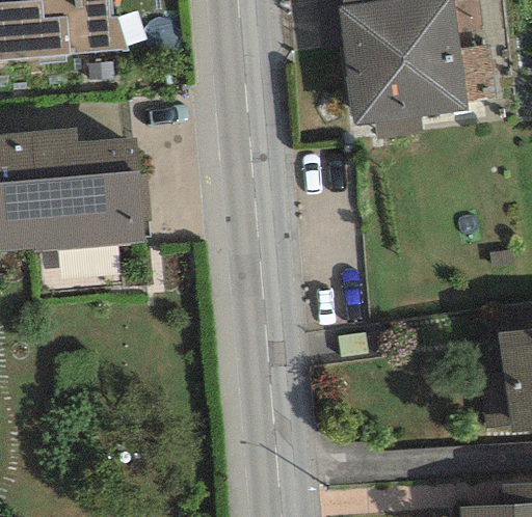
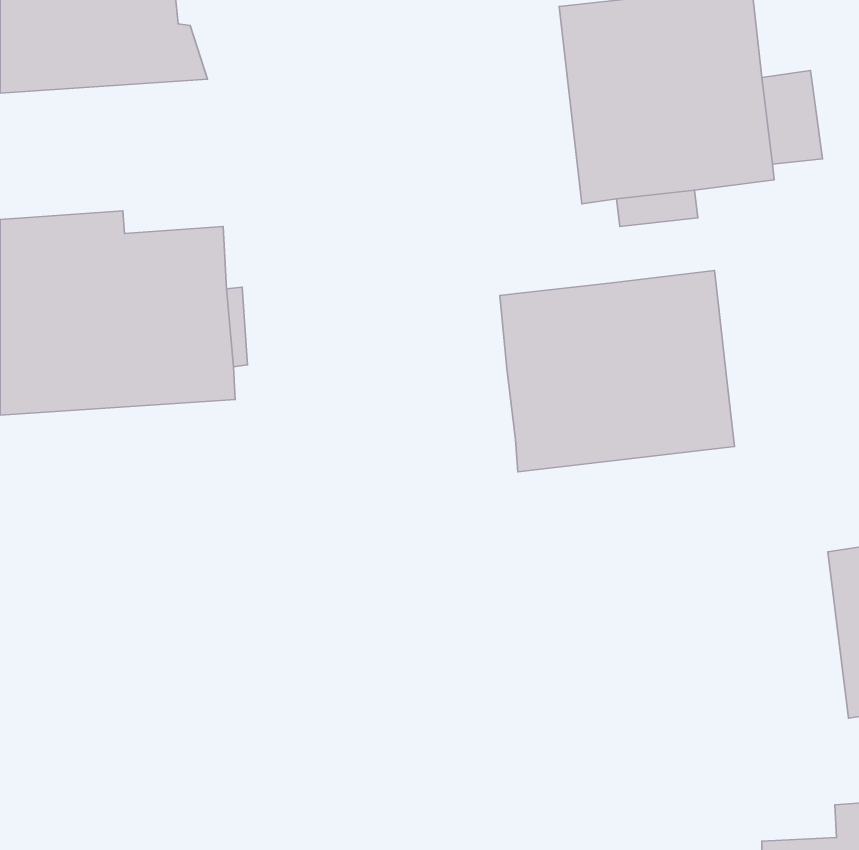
building: none -> [500,271,735,472]

